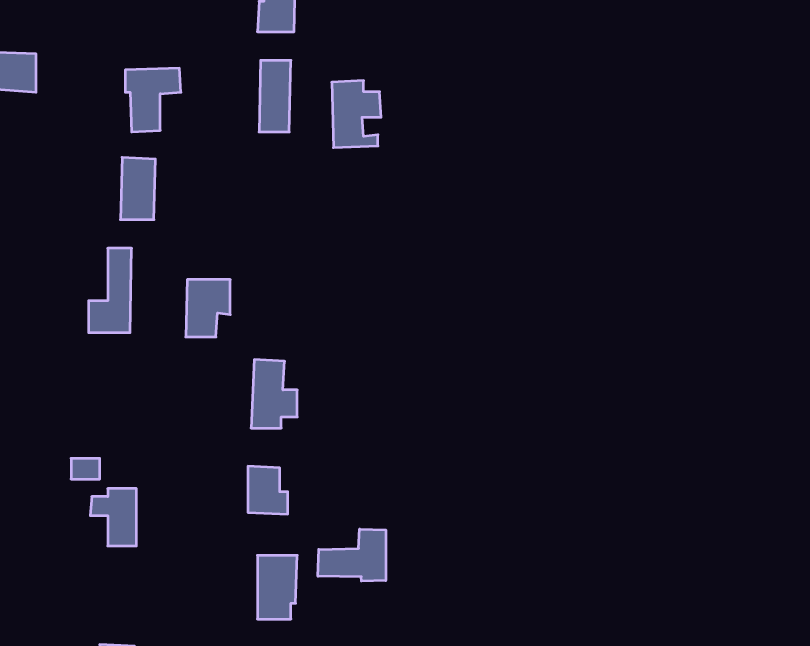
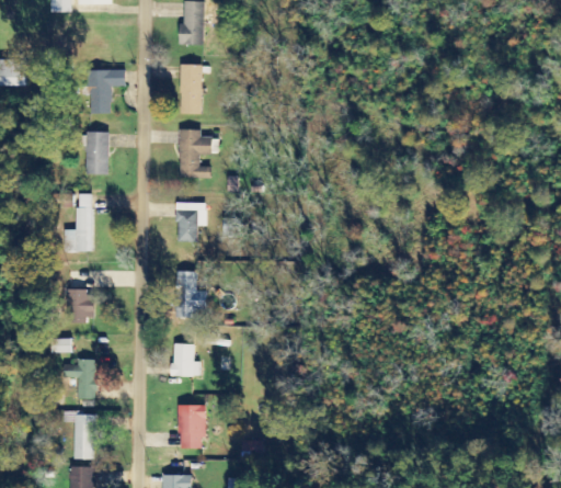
building: [332,81,381,148] -> [179,128,213,174]
building: [186,280,230,337] -> [175,202,206,241]
building: none -> [67,291,94,320]
building: [318,529,386,581] -> none
building: none -> [72,413,95,458]

